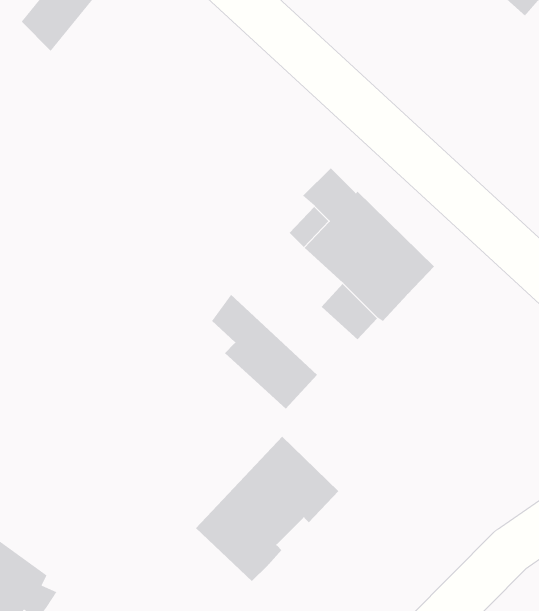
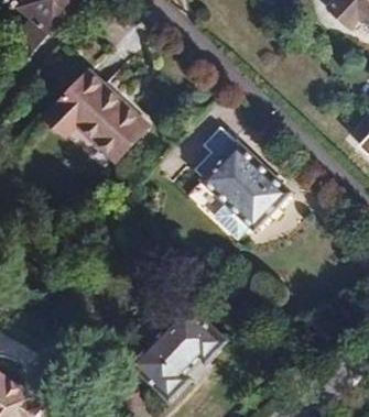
building: none -> [43,68,146,160]
building: [211,294,318,410] -> none

